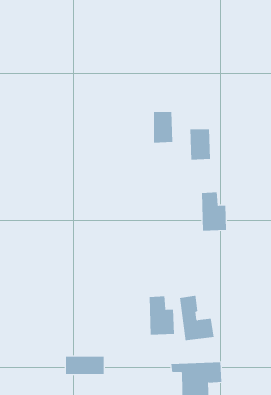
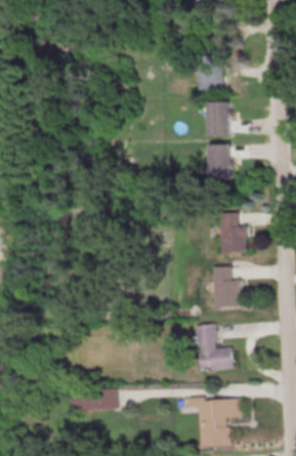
building: none -> [202,57,224,90]
building: [153,111,173,143] -> [208,103,229,137]
building: [149,296,175,335] -> [214,267,242,309]

